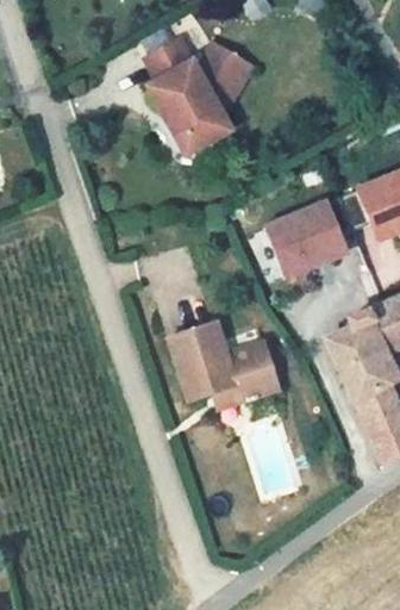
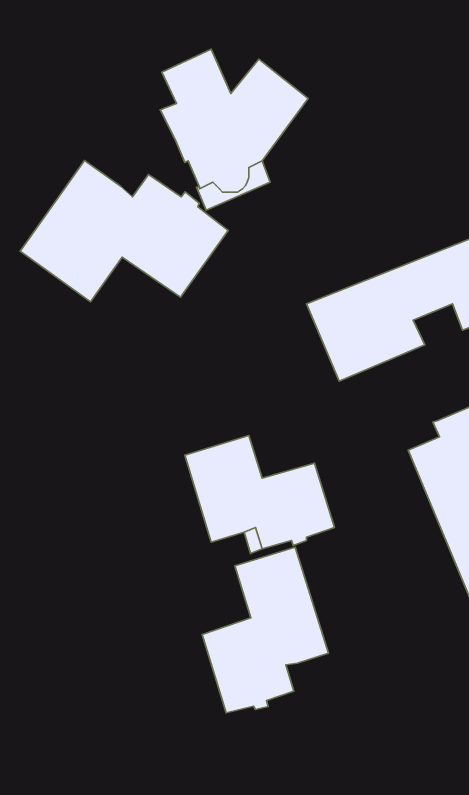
building: none -> [20,161,228,302]
building: none -> [202,547,328,713]

